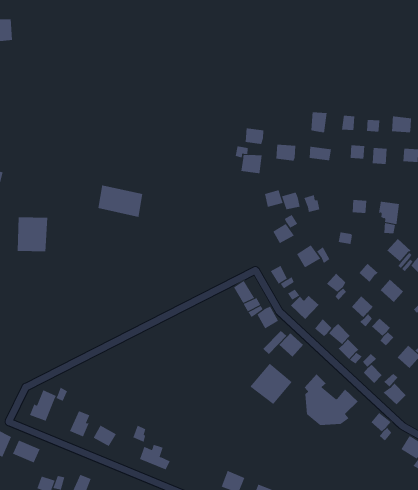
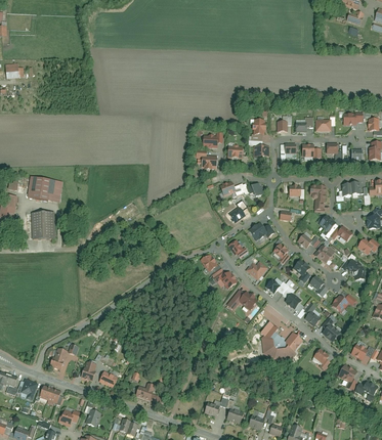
building: [97,185,143,218] -> [27,179,61,203]
building: [250,363,293,405] -> none

